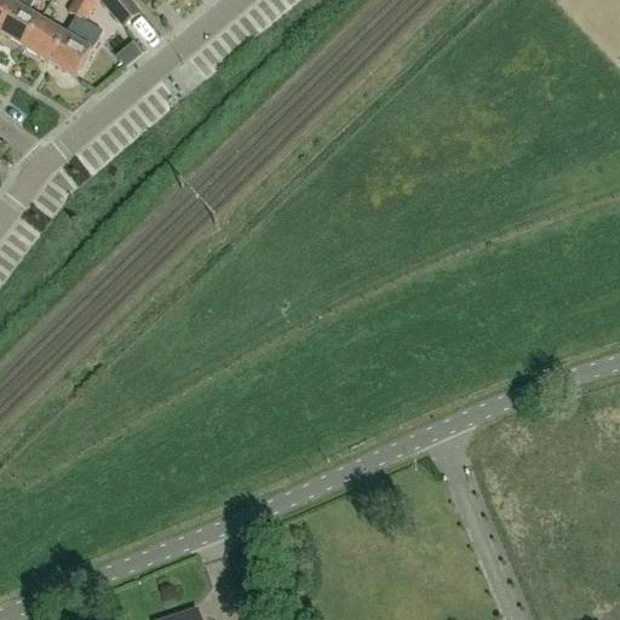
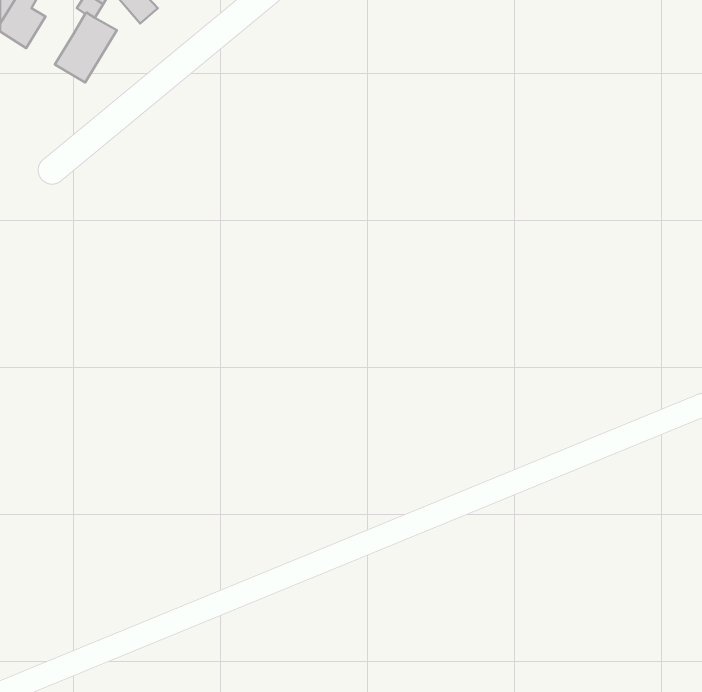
building: [23,15,65,57] -> none

